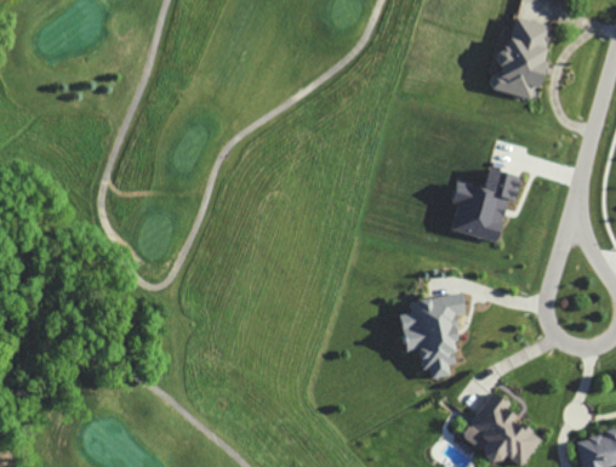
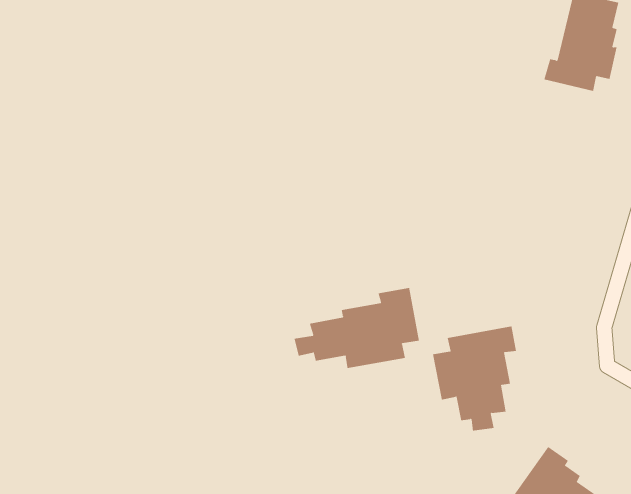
building: [451,170,521,243] -> none
building: none -> [294,287,419,369]

